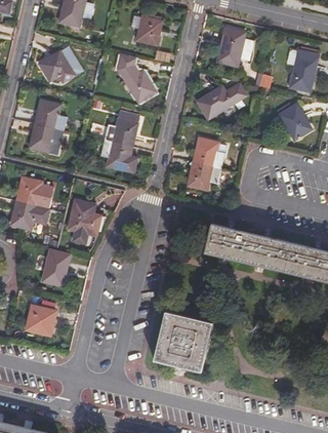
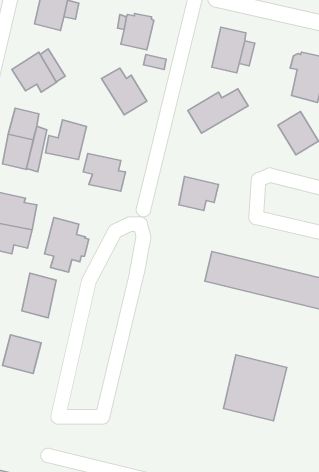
building: [101,110,138,146] -> [46,120,87,160]
building: [189,135,222,167] -> none
building: [154,313,211,372] -> [223,355,287,421]

